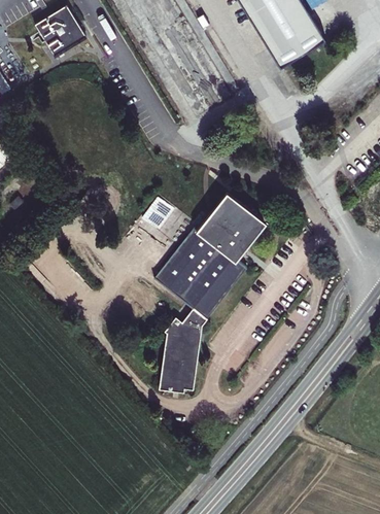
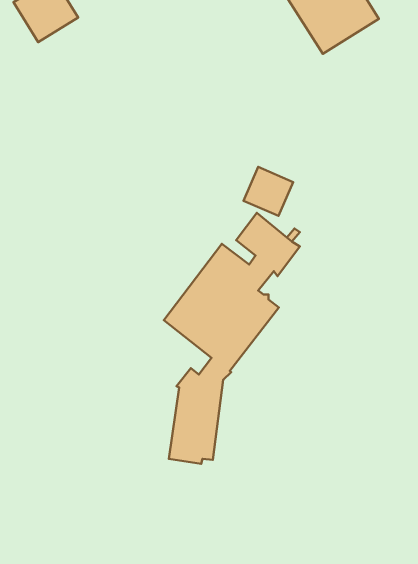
building: none -> [243,167,293,216]

